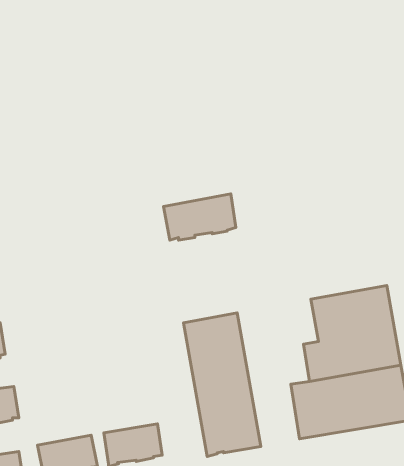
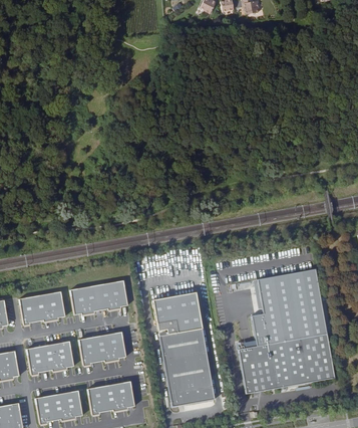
building: [164,194,236,240] -> [70,278,128,315]
building: none -> [19,289,65,325]
building: none -> [79,332,126,366]
building: none -> [26,341,74,375]

